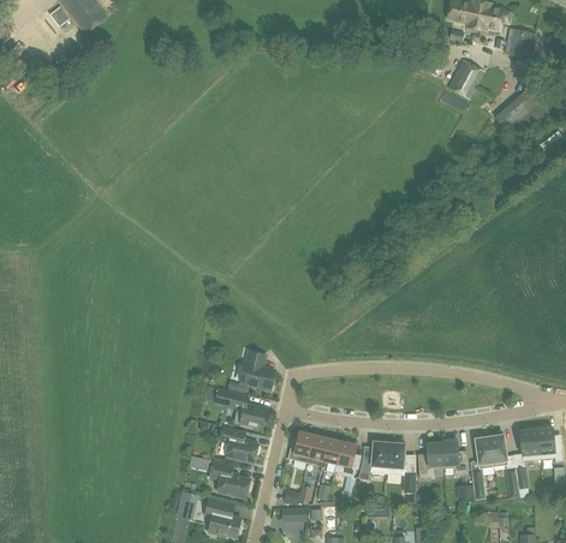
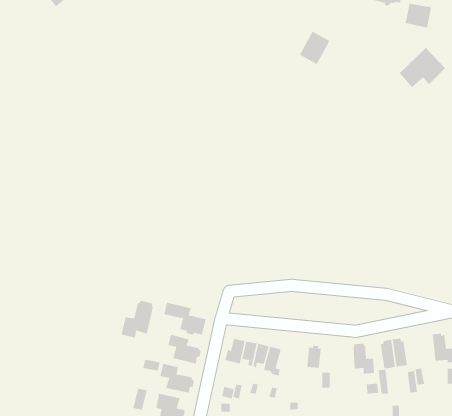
building: [447,59,484,100] -> [299,31,330,65]
building: [239,351,274,390] -> none
building: none -> [121,300,154,339]
building: [518,426,540,460] -> none
building: [357,438,388,481] -> none
building: [418,441,442,477] -> none

